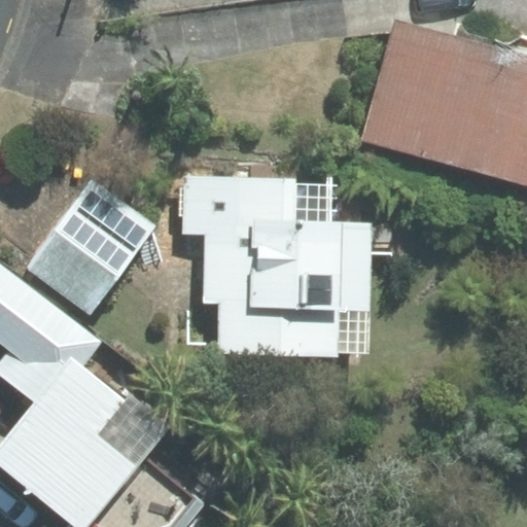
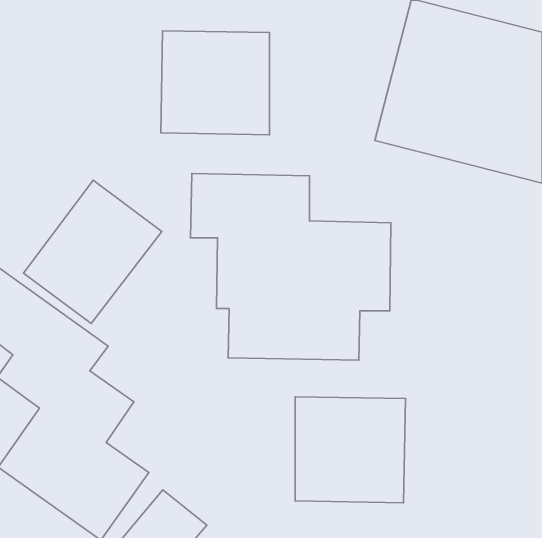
building: none -> [161,31,270,135]
building: none -> [295,397,405,503]

